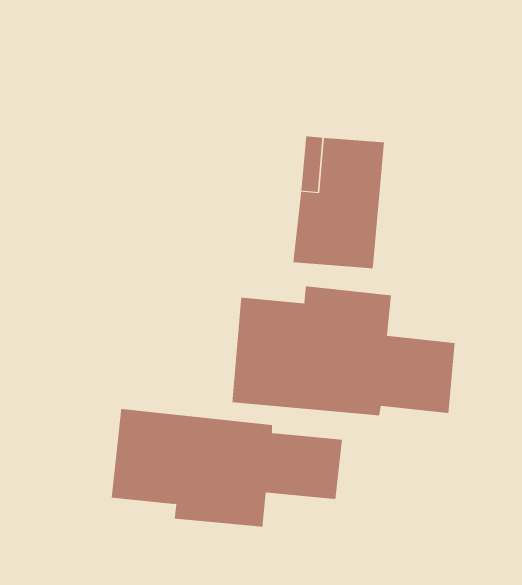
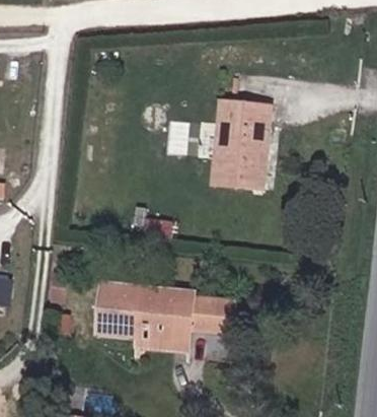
building: [232,286,455,416] -> none

